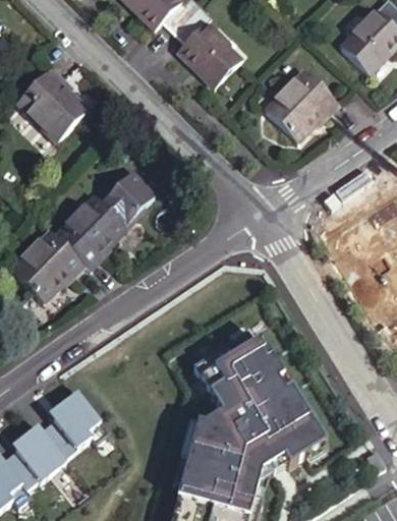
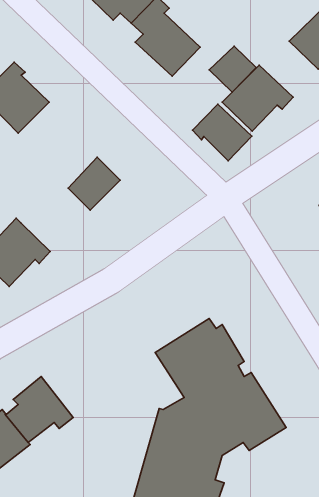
building: none -> [209,46,256,92]
building: none -> [193,104,252,161]
building: [58,191,131,267] -> none

